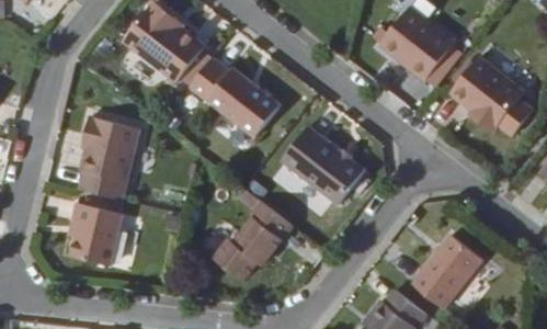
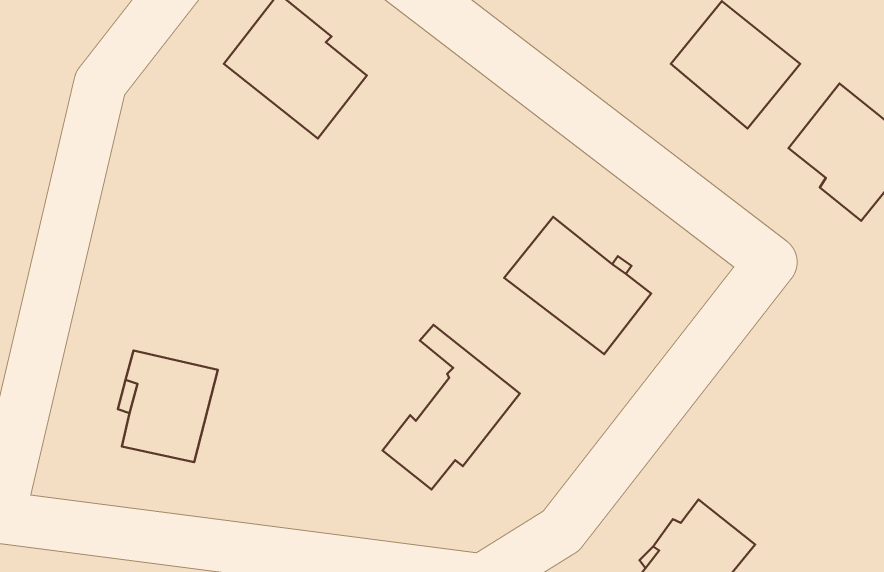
building: [193,60,283,139] -> none
building: [81,116,141,200] -> none
building: [417,232,483,309] -> none

